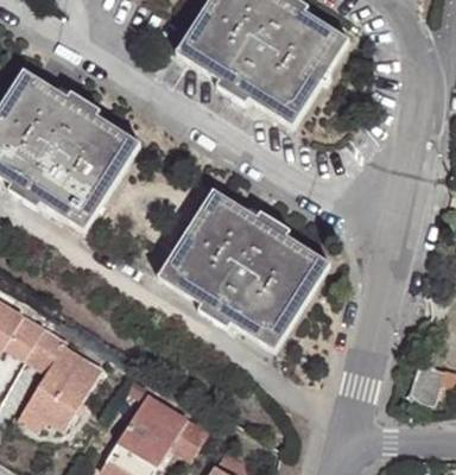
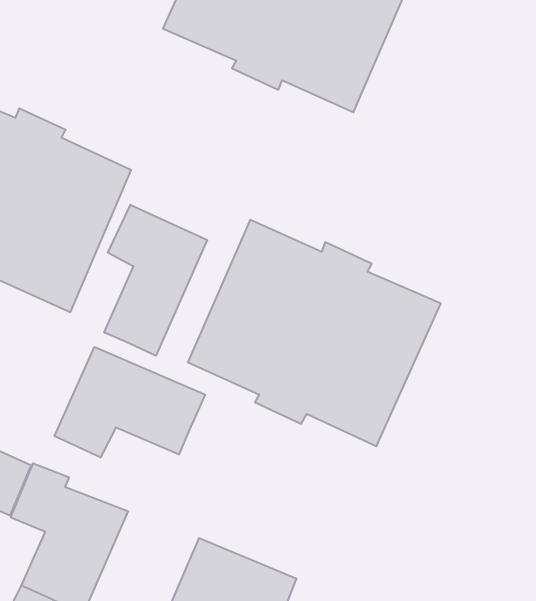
building: none -> [104,205,207,356]
building: none -> [55,347,205,458]

